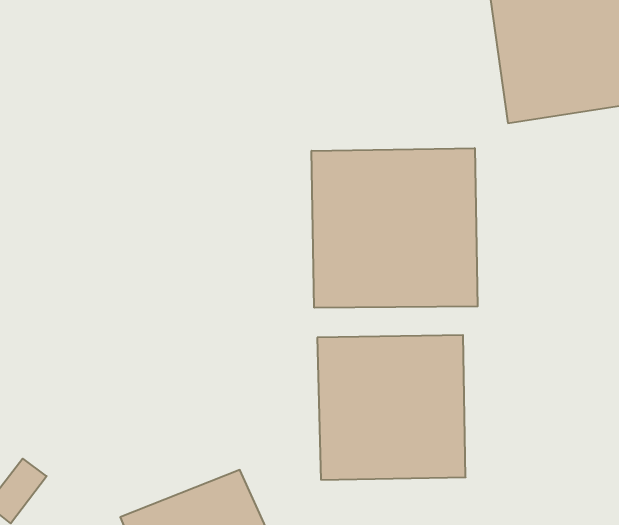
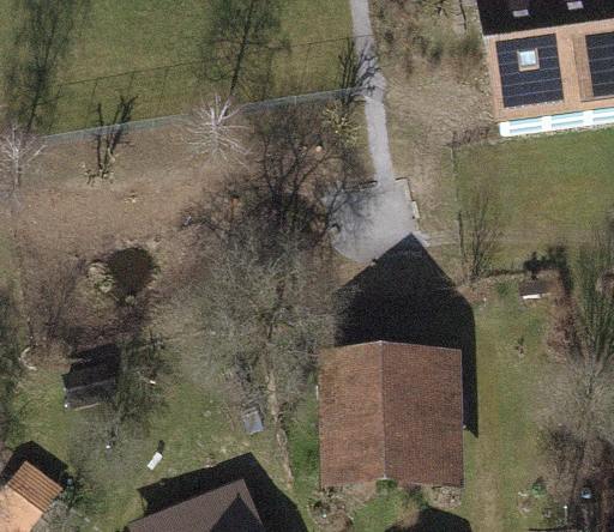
building: [312,148,478,308] -> none

